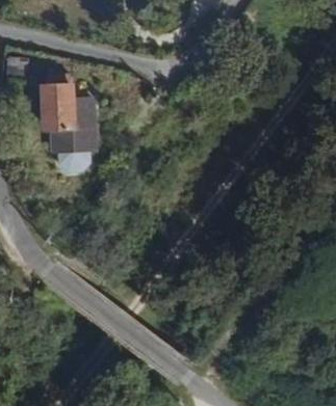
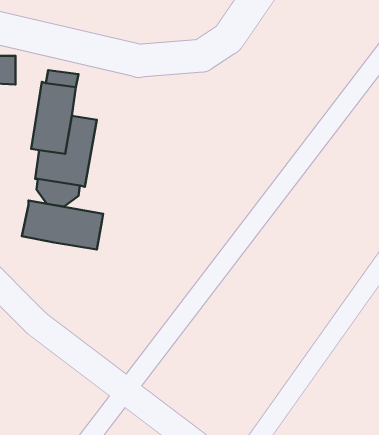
building: none -> [22,200,103,249]

